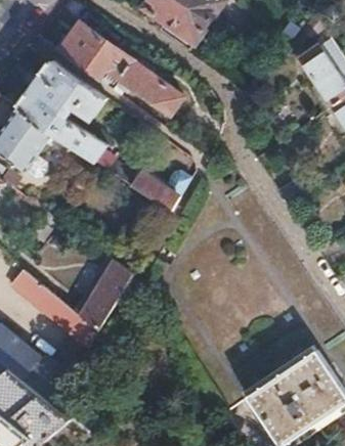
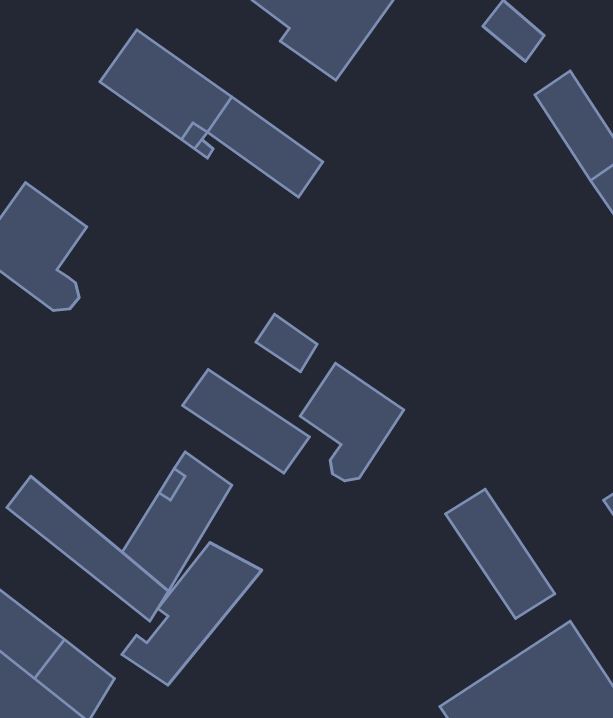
building: [18,59,105,163] -> none
building: none -> [300,363,404,481]
building: none -> [183,369,309,473]
building: none -> [446,489,555,619]
building: none -> [122,542,262,685]

